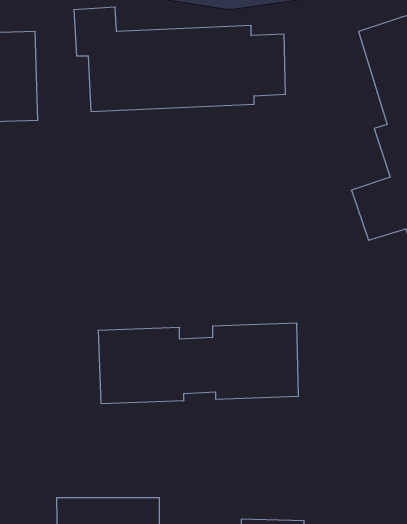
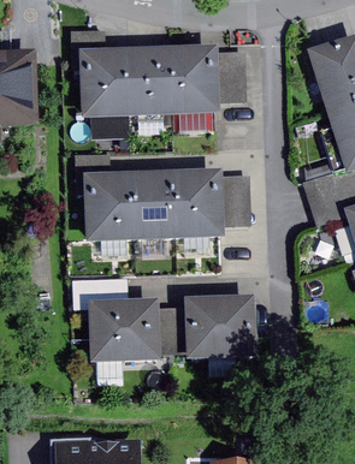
building: none -> [73,153,250,242]

